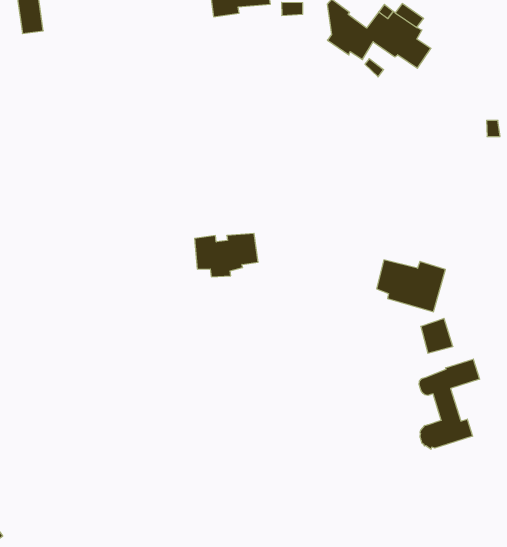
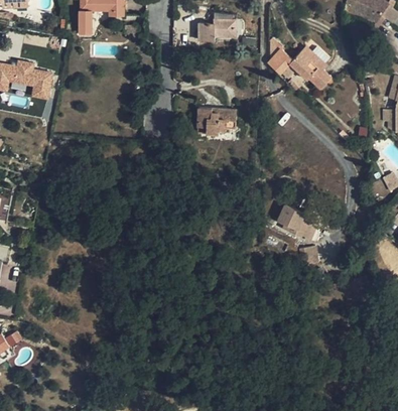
building: [195,233,258,277] -> [197,108,236,134]
building: [419,359,480,449] -> none

